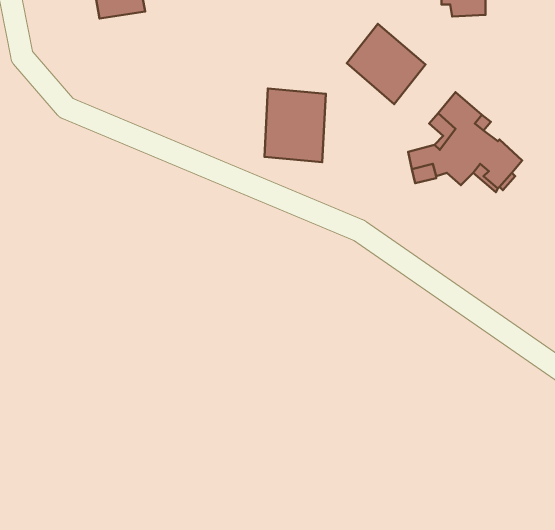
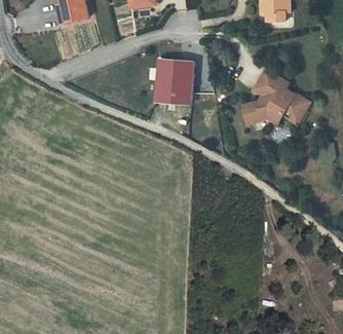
building: [347,24,425,104] -> none

